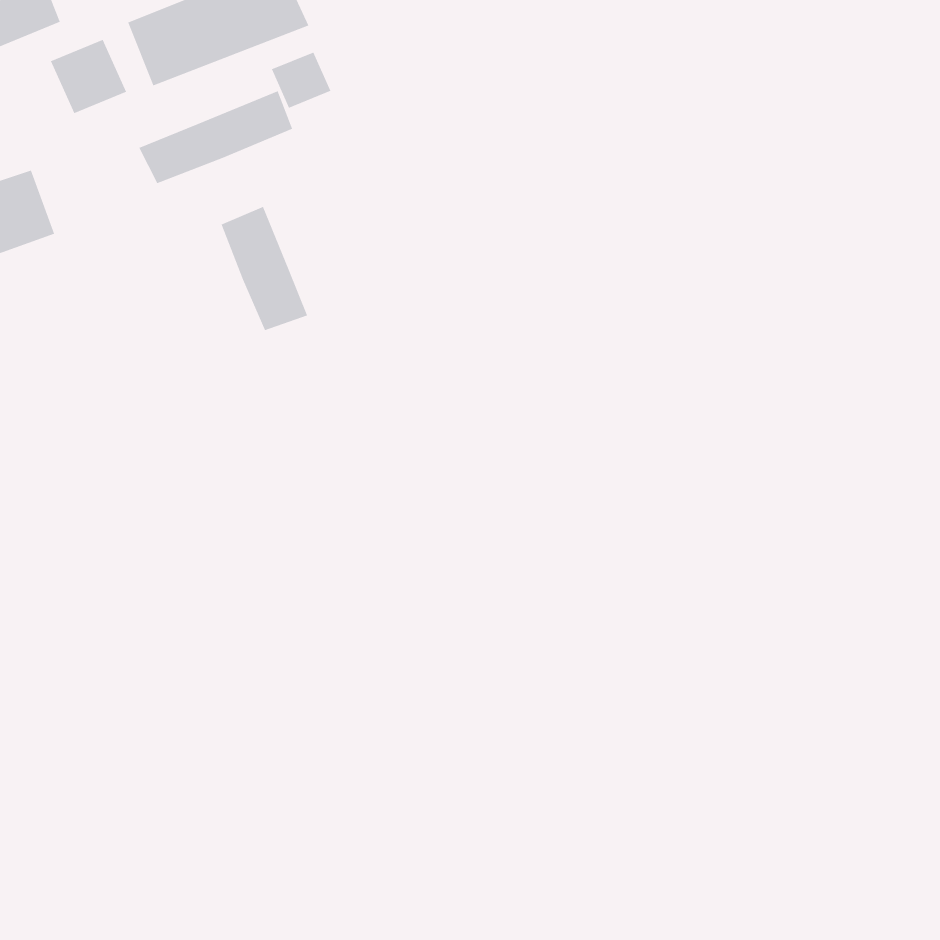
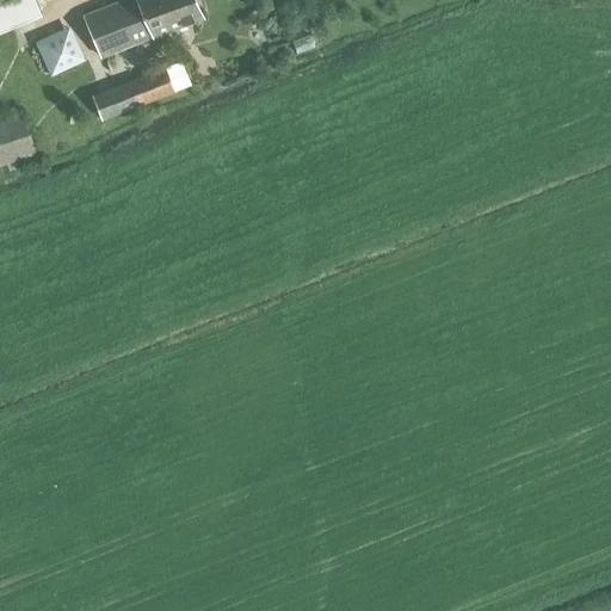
building: [271,51,332,109] -> none
building: [220,206,308,331] -> none

